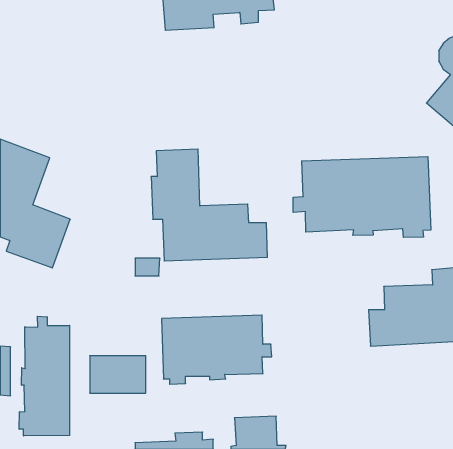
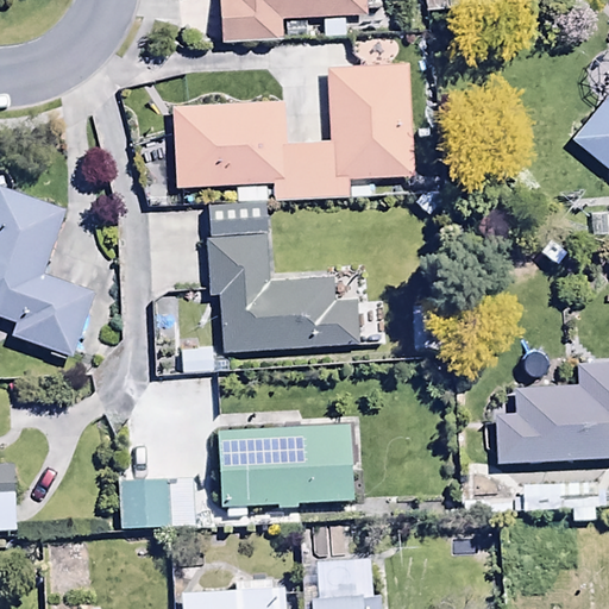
building: none -> [175,64,413,202]
building: [293,157,431,237] -> none
building: [19,316,70,436] -> none

